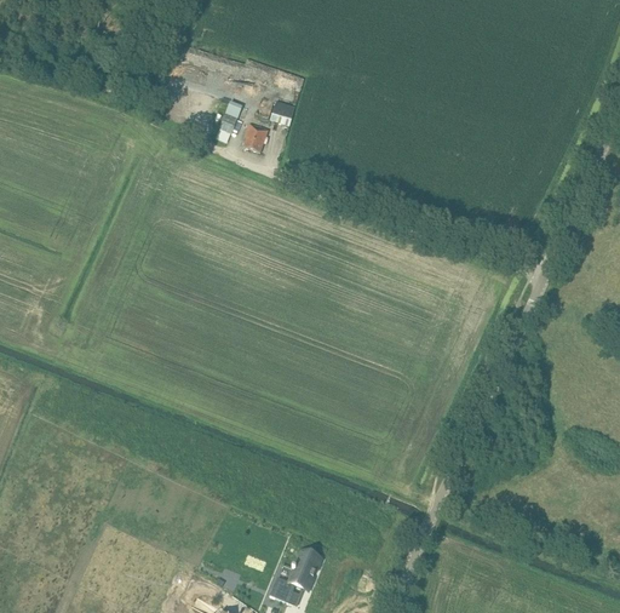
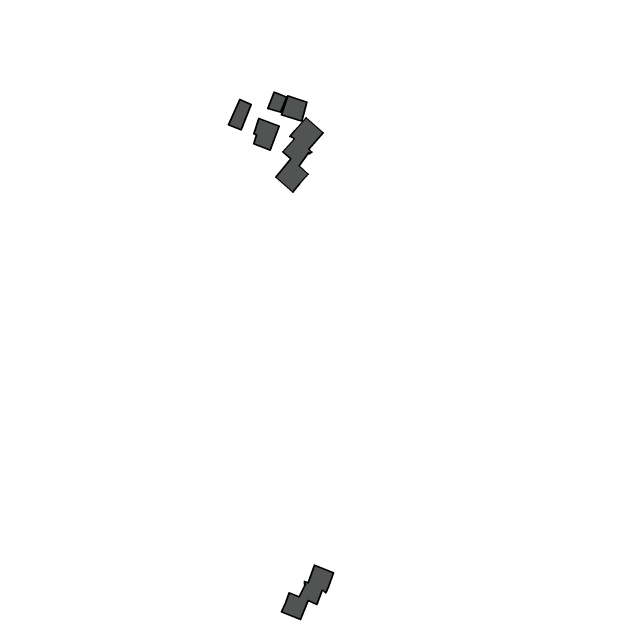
building: none -> [276,118,323,192]

